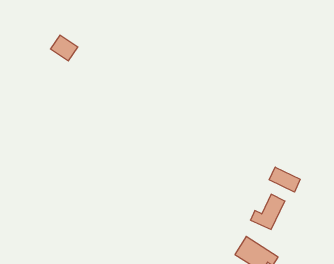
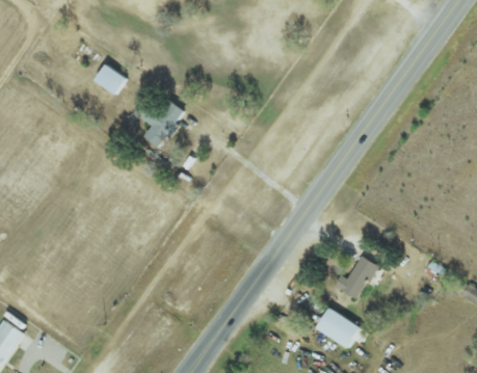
building: none -> [140,100,186,149]
building: [269,167,300,192] -> none

